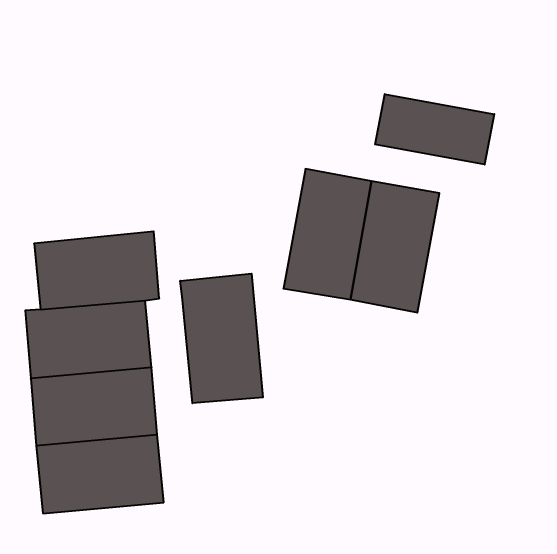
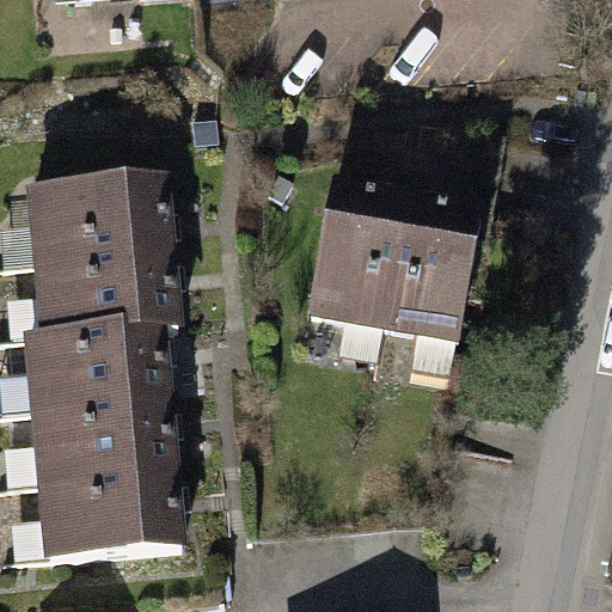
building: [375,94,494,165] -> none
building: none -> [31,178,167,265]
building: [180,274,263,403] -> none

